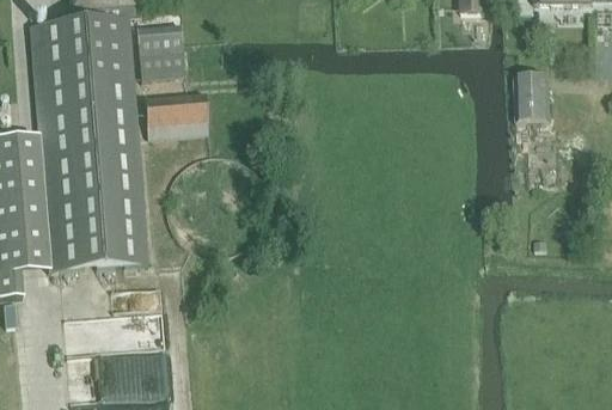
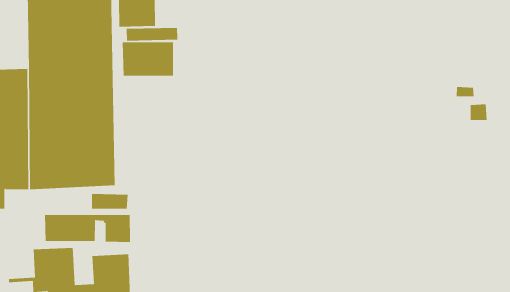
building: [513,72,547,120] -> none

